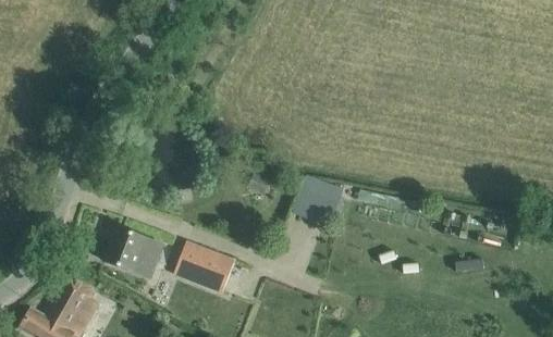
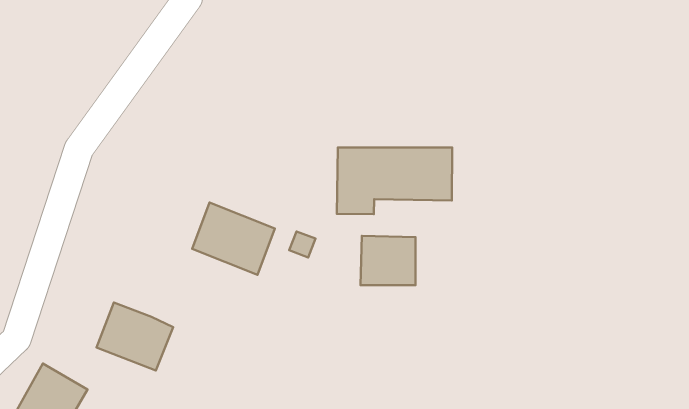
building: none -> [337,147,452,214]
building: [174,241,236,296] -> [192,202,275,275]

